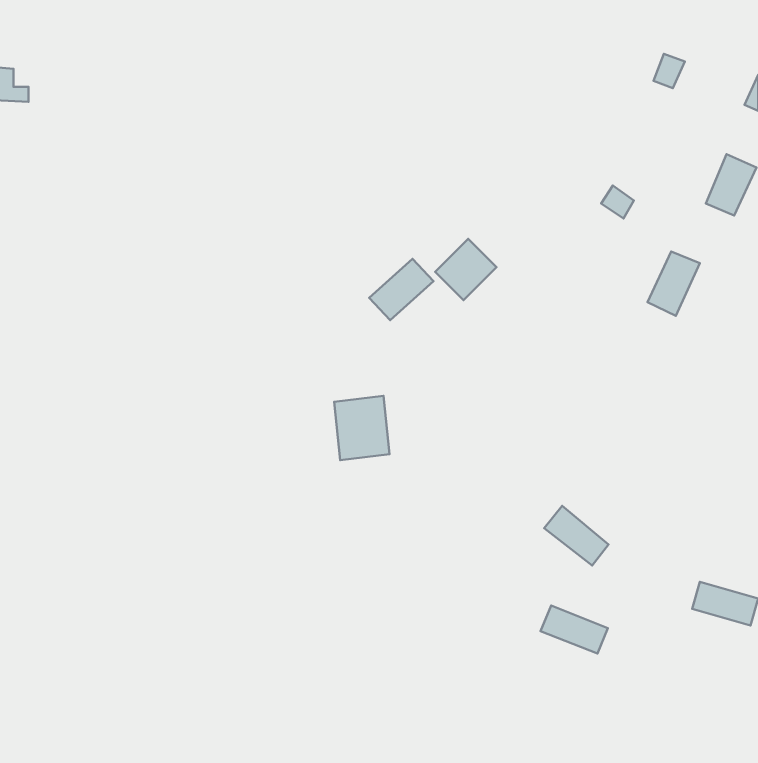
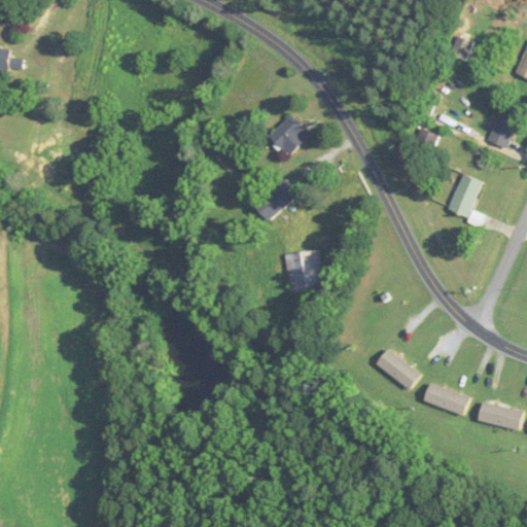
building: [435,239,496,300] -> [267,114,309,156]
building: [334,396,389,460] -> [283,249,321,293]
building: [541,606,608,654] -> [423,382,469,415]

